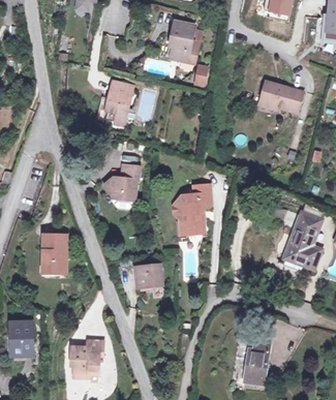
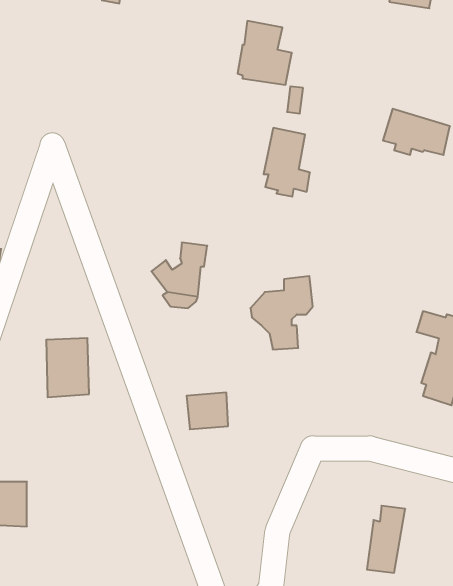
building: [102,84,132,128] -> [264,128,310,197]
building: [71,336,102,374] -> none

